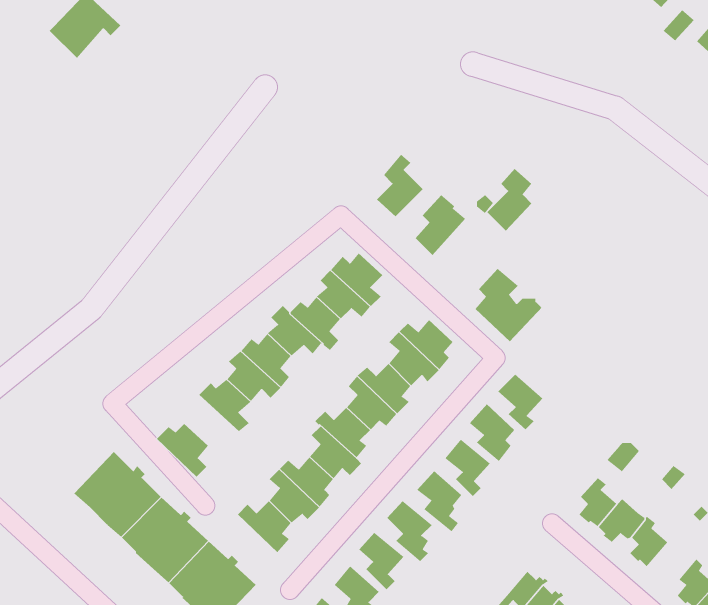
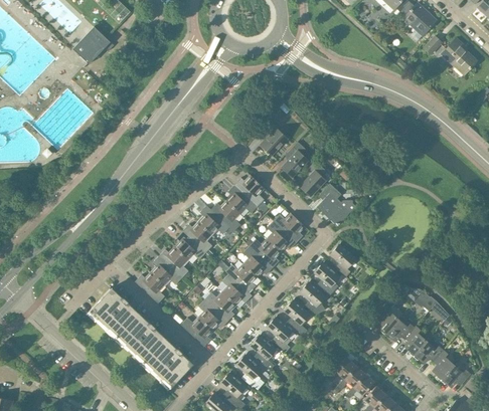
building: [486,168,532,231] -> [300,162,326,198]
building: none -> [151,257,182,286]
building: none -> [416,339,444,365]

